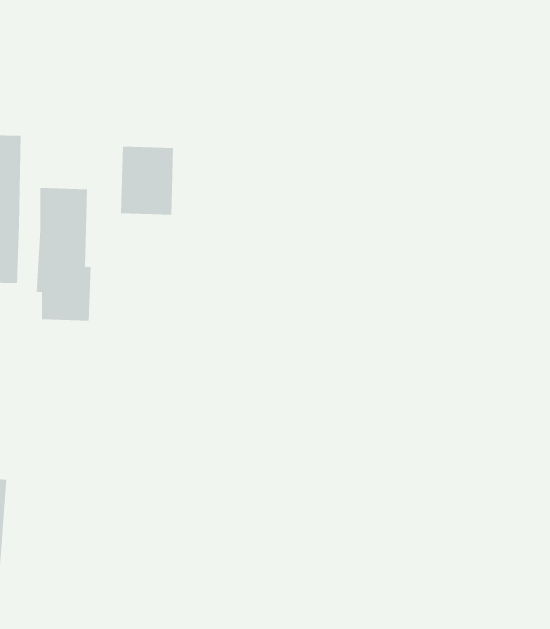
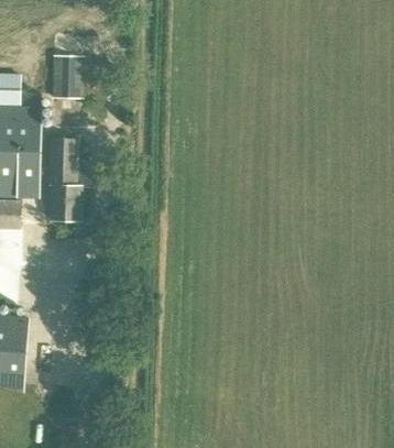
building: [120,146,174,216] -> [52,54,85,97]

